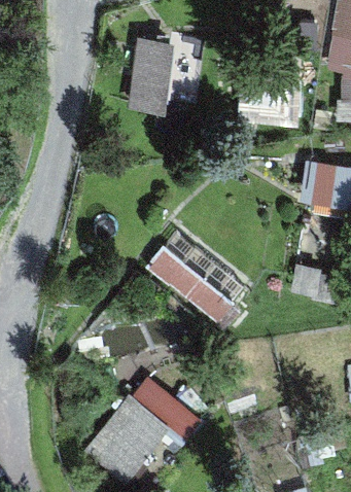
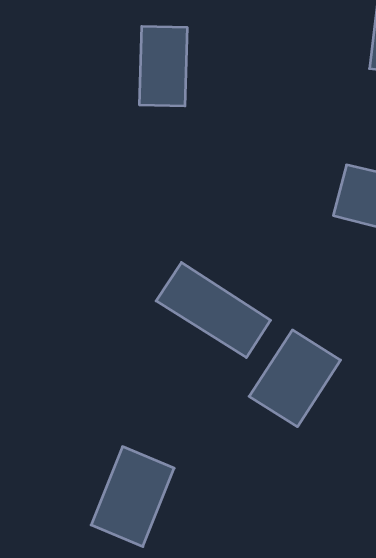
building: none -> [249,330,341,427]

